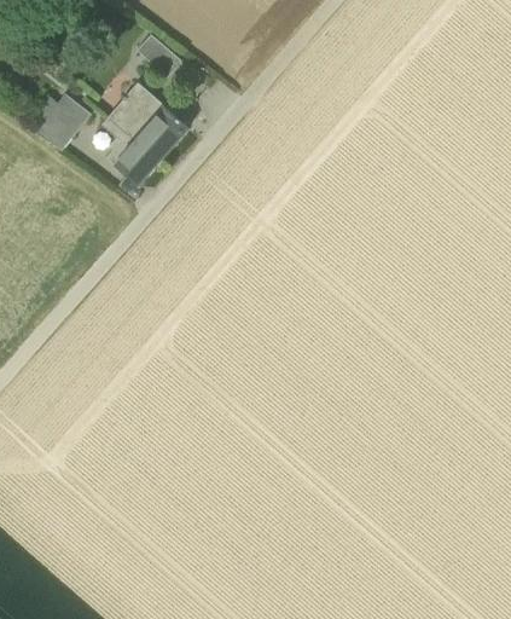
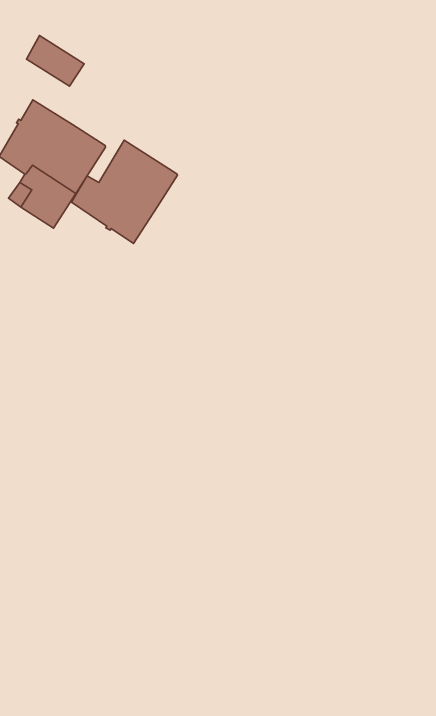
building: none -> [71,140,177,244]

